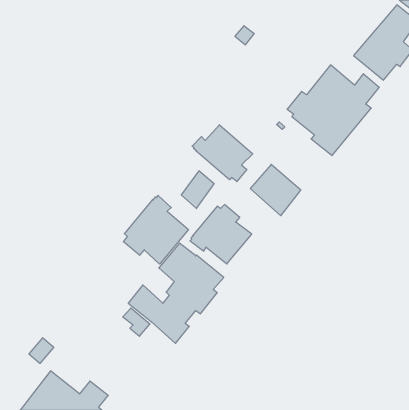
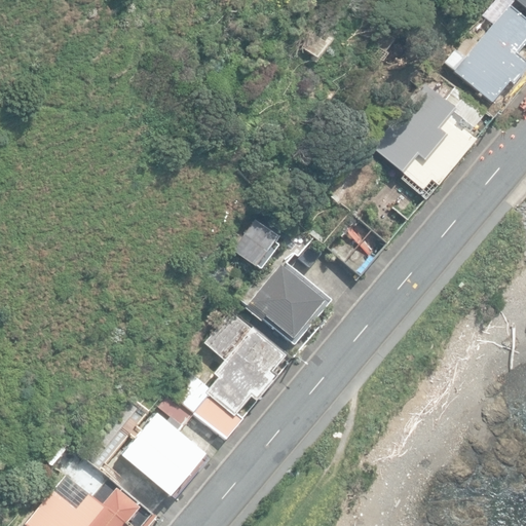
building: [192,125,253,182] -> none
building: [124,195,188,264] -> none
building: none -> [120,415,203,493]

